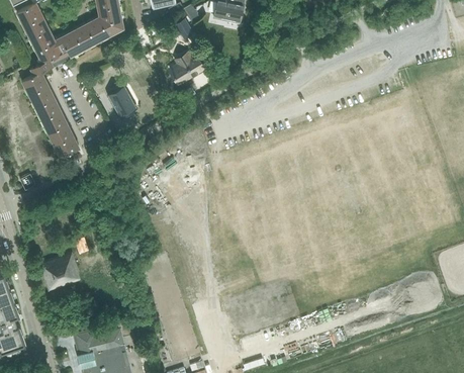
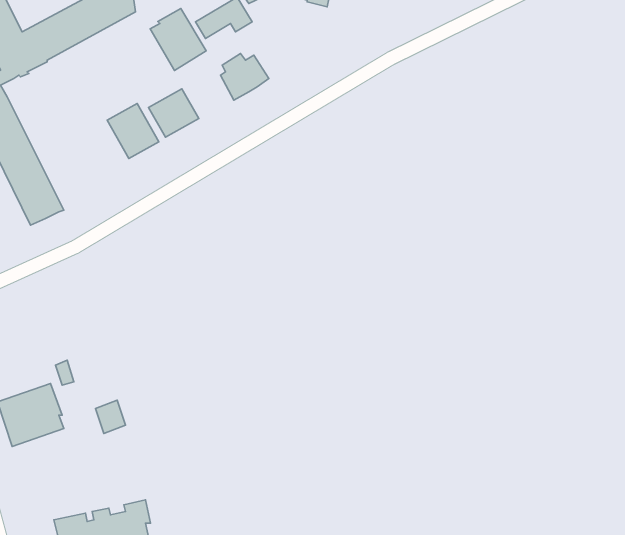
building: none -> [150,9,206,70]
building: none -> [149,89,199,137]

